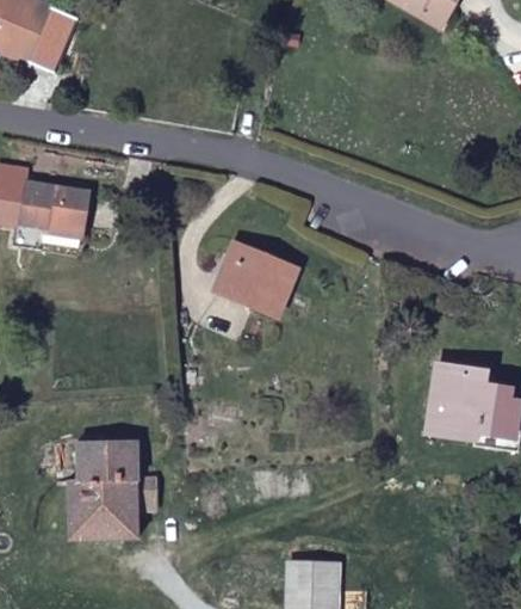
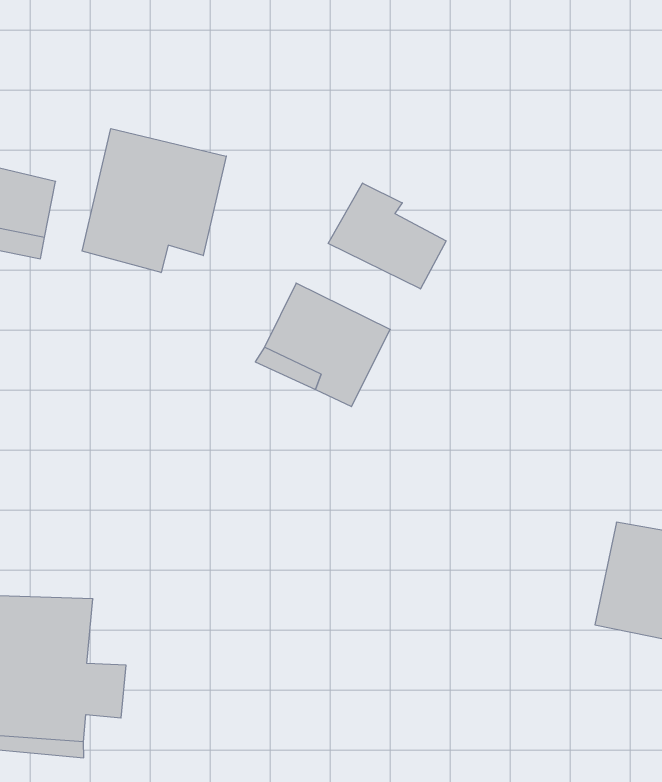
building: none -> [82,129,226,273]
building: none -> [328,183,446,289]

